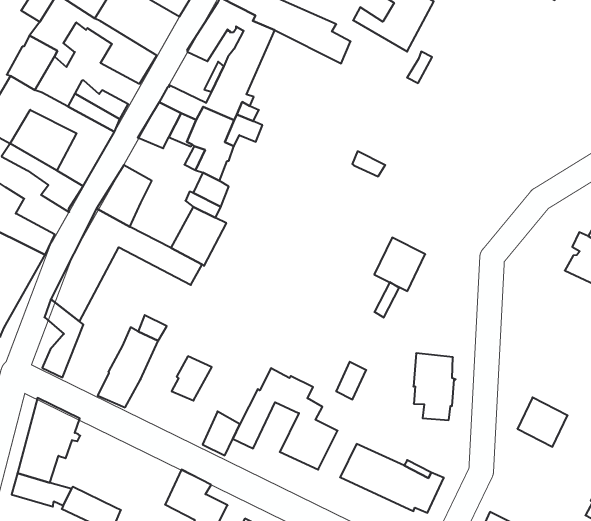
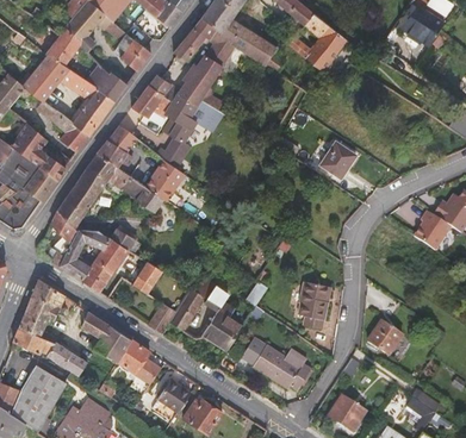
building: [374,238,425,291] -> [319,140,356,179]
building: none -> [58,230,110,281]
building: none -> [81,311,132,363]

